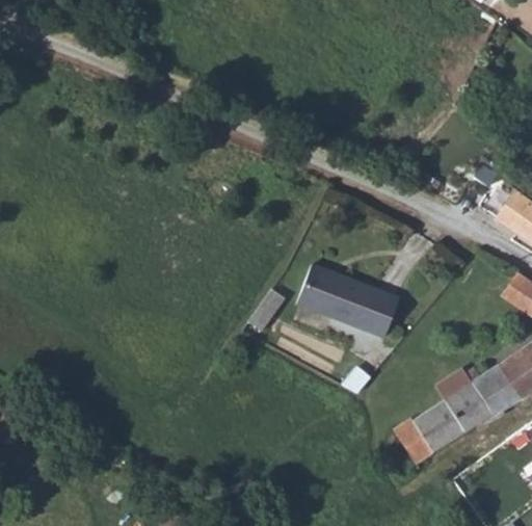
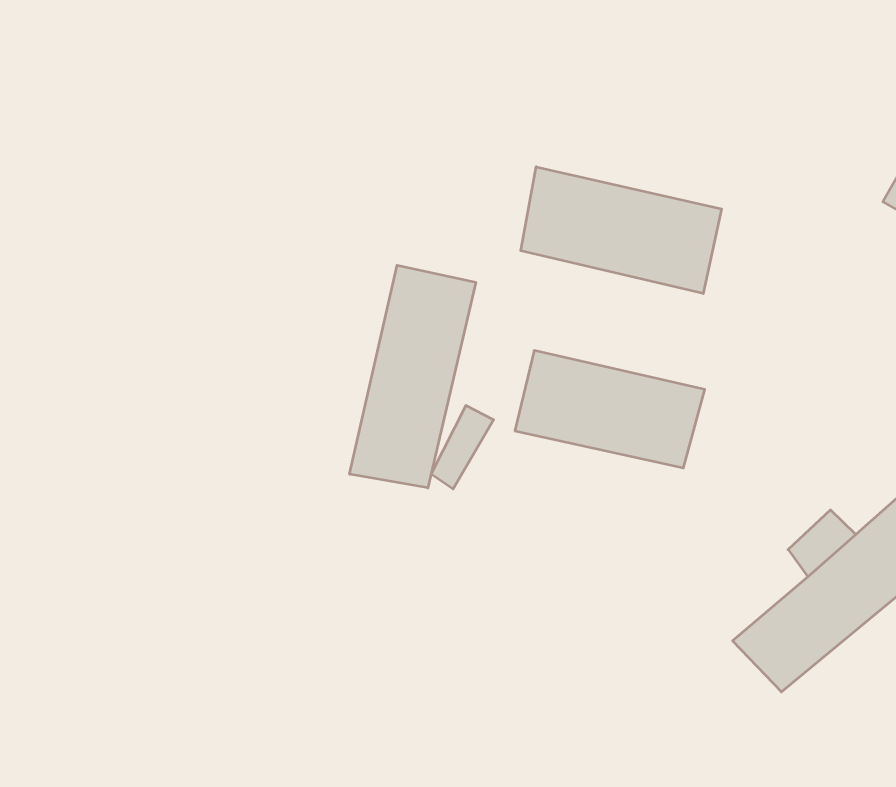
building: none -> [521,167,722,294]
building: none -> [350,265,476,488]

